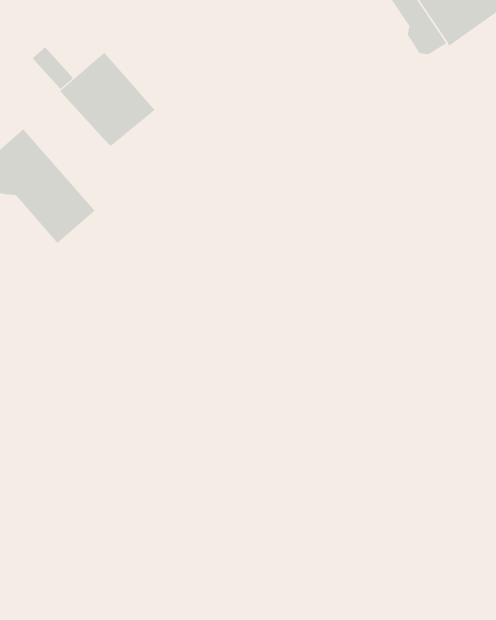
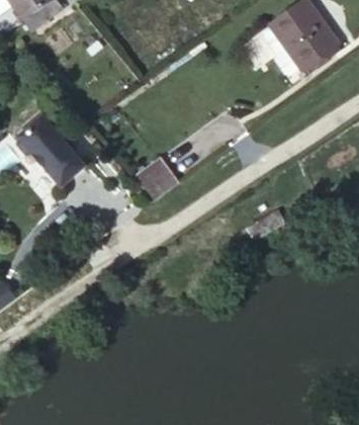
building: [59,52,155,147] -> none
building: none -> [137,156,179,198]

